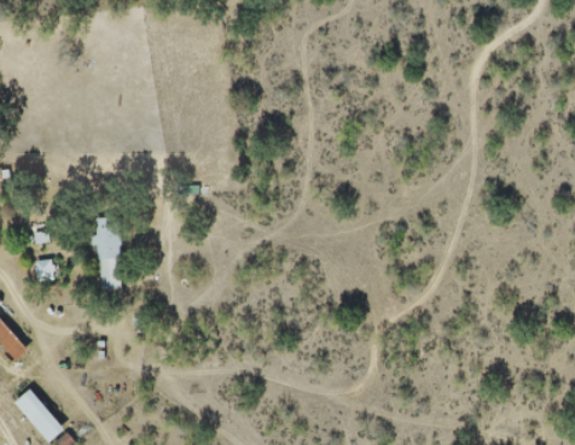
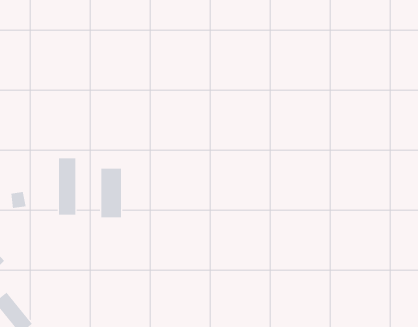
building: none -> [101,168,122,218]

